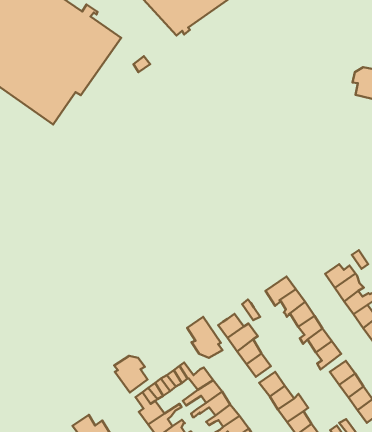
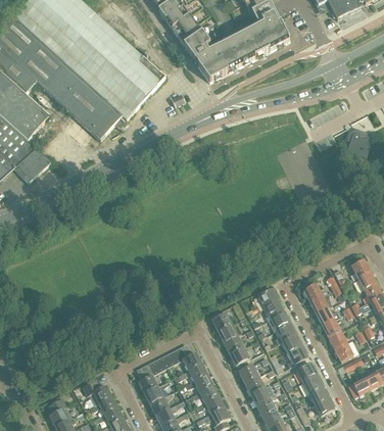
building: [187,317,223,358] -> none
building: [114,356,148,392] -> none

